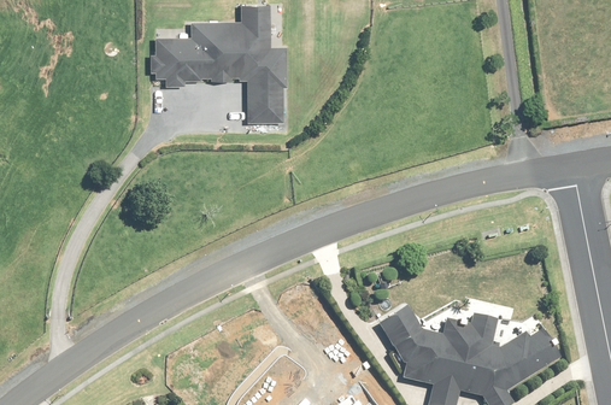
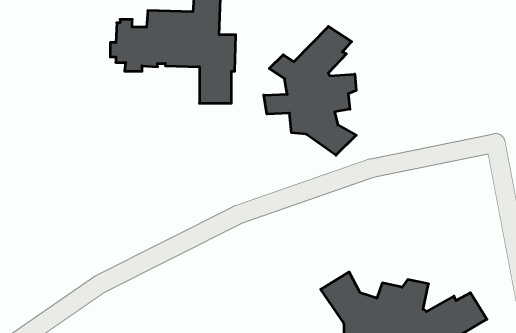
building: none -> [264,26,356,155]

